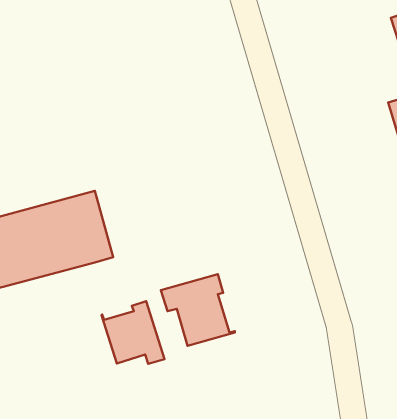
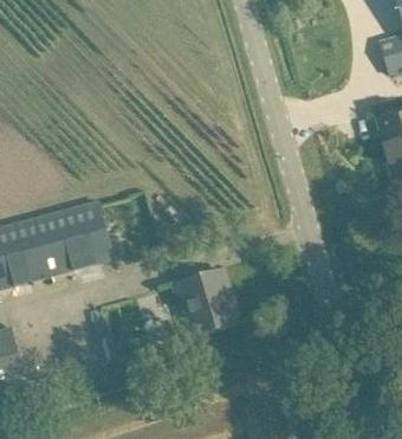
building: [101,301,165,364] -> none

